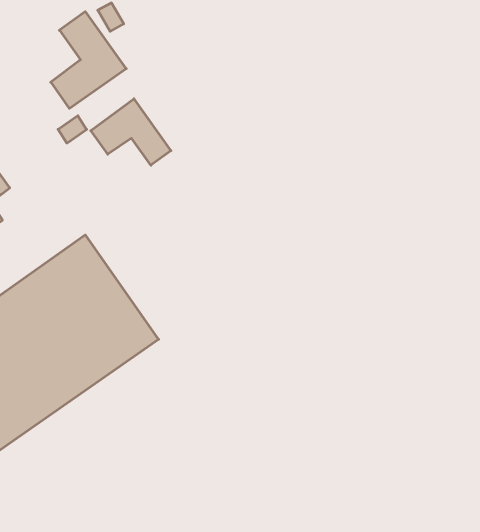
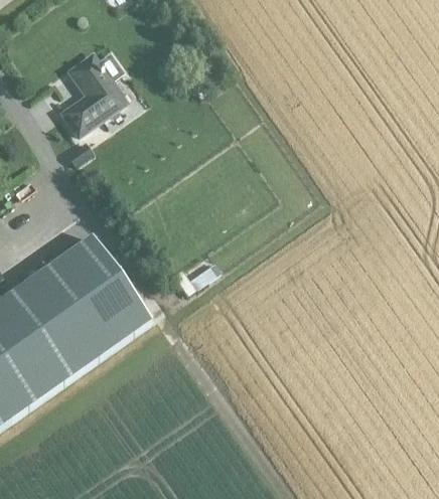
building: [91,99,171,165] -> none

